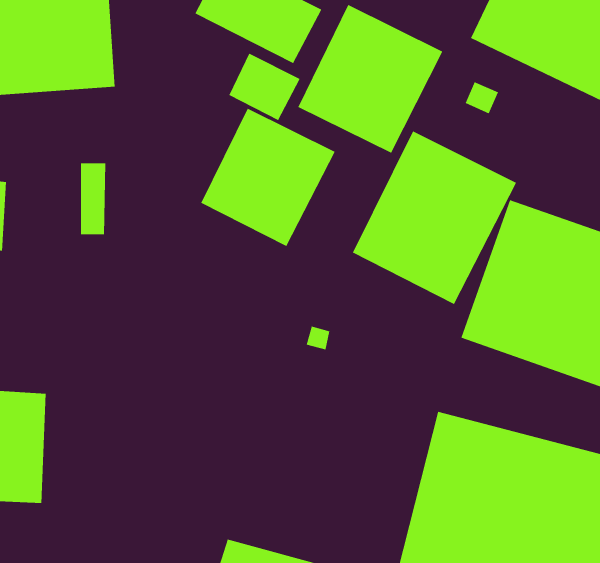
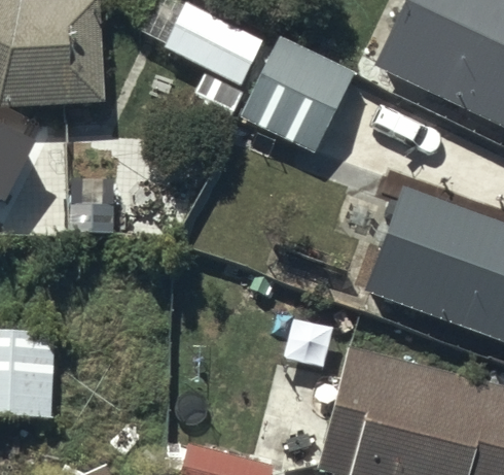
building: [200,108,335,247] -> none
building: [352,130,517,305] -> none

